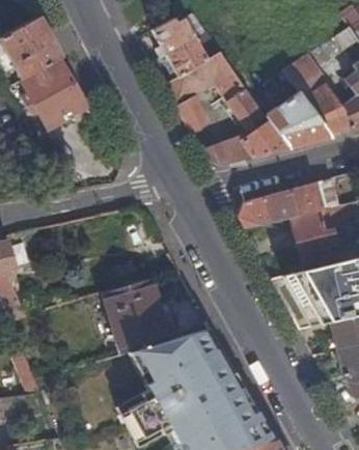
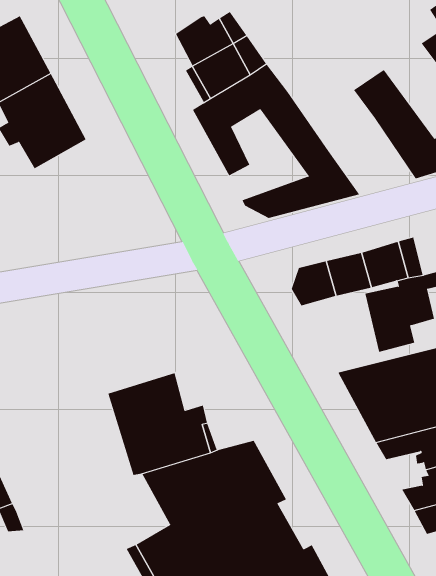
building: [267,91,330,147] -> none

